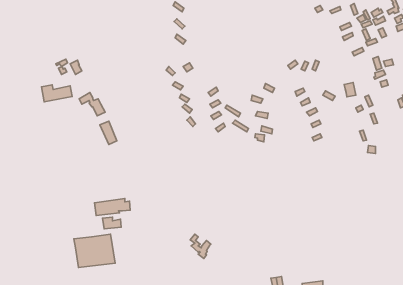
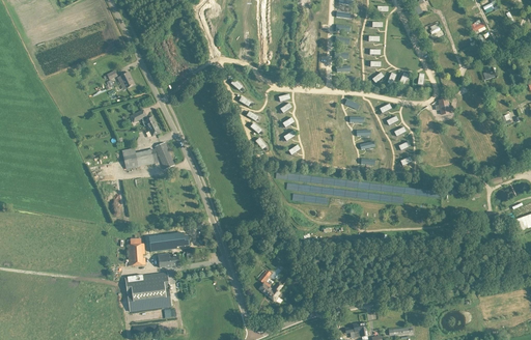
building: [42,85,72,102] -> [121,148,157,168]
building: none -> [125,237,144,265]

